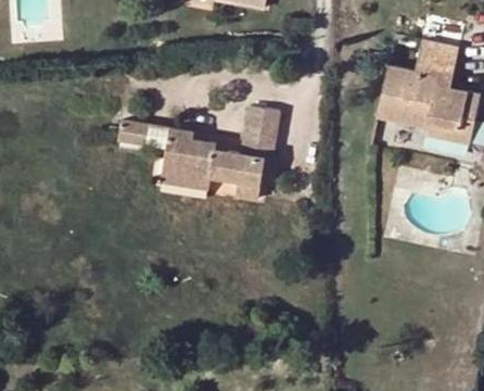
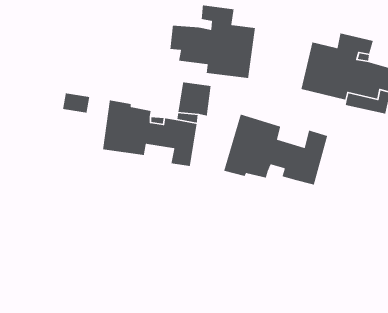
building: none -> [169,4,256,79]
building: none -> [223,113,328,186]

